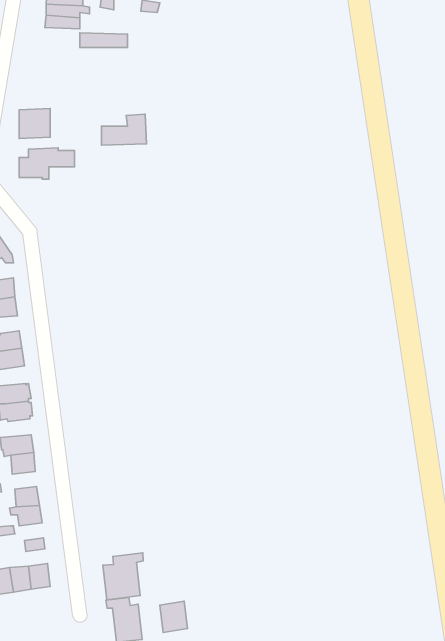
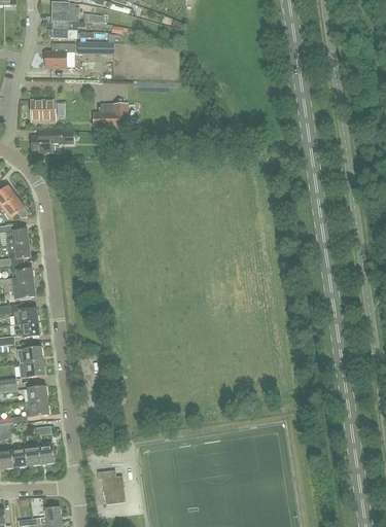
building: none -> [45,43,74,67]
building: [103,553,143,600] -> none
building: [160,601,187,632] -> none

